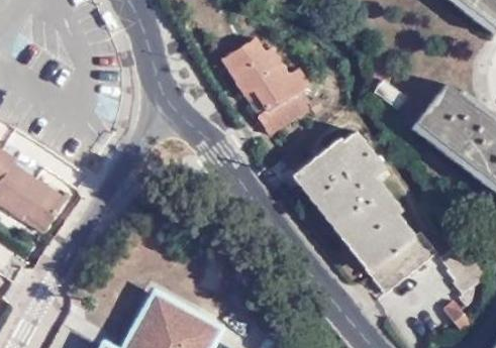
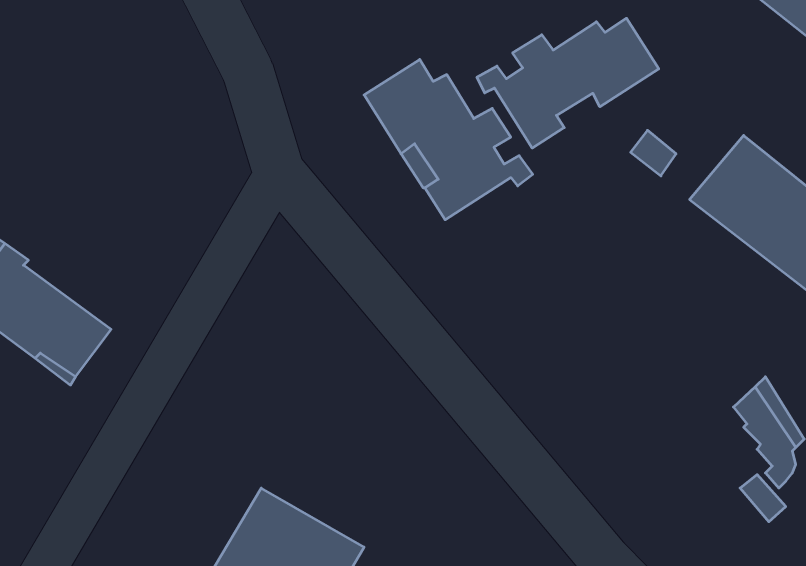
building: none -> [477,18,659,148]
building: [301,126,434,283] -> none

